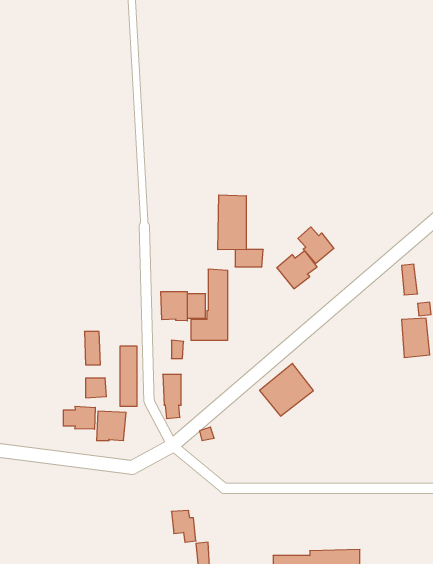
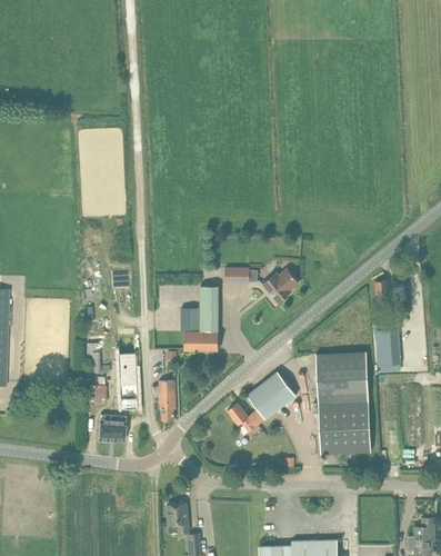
building: [218,195,246,250] -> none
building: [298,227,334,263] -> none
building: [161,292,187,321] -> none
building: none -> [321,351,373,453]
building: none -> [228,396,265,433]
building: [63,406,95,429] -> none

